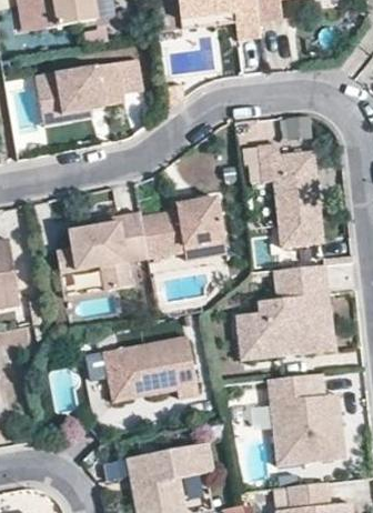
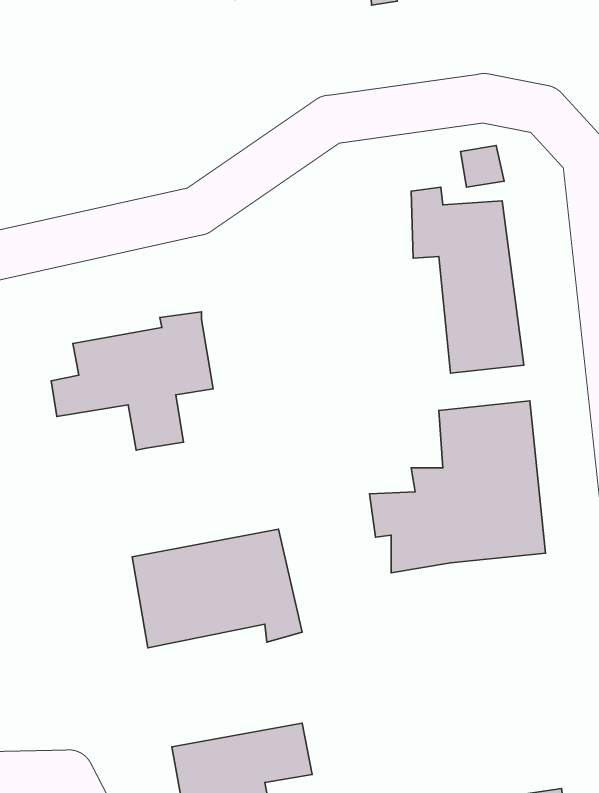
building: [38,60,142,111] -> none
building: [142,198,226,263] -> none
building: [260,374,339,467] -> none

